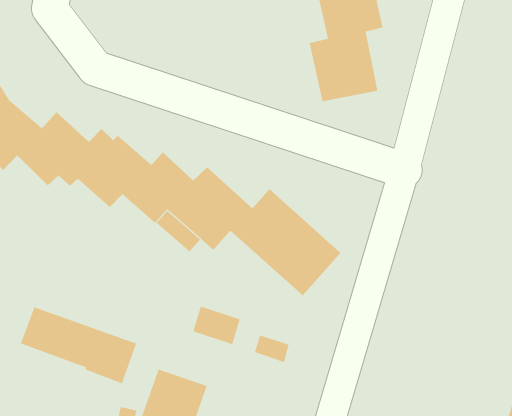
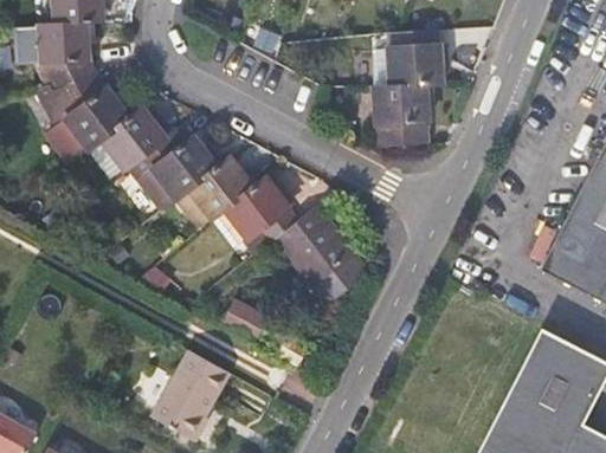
building: [20,307,137,384] -> none

